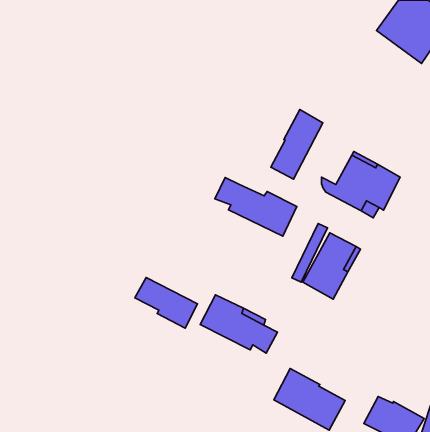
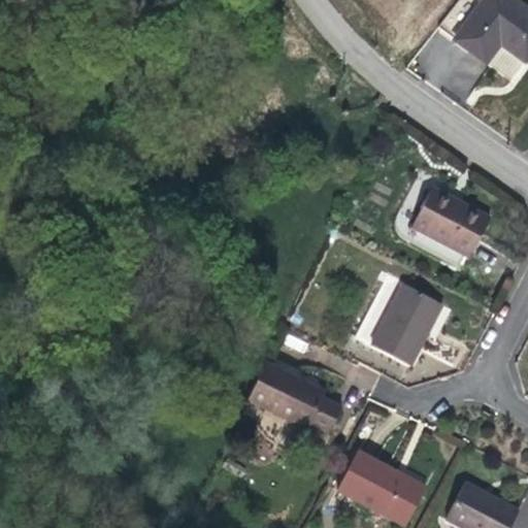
building: [271,109,323,179] -> none
building: [215,177,297,236] -> none
building: [135,278,198,328] -> none

